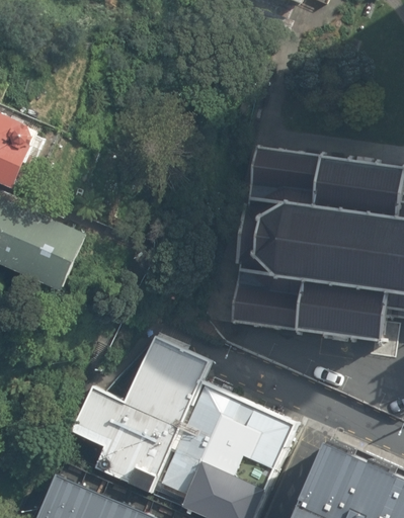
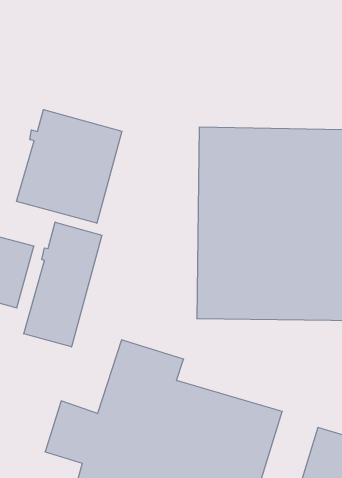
building: none -> [16,110,122,223]
building: none -> [24,222,102,347]

